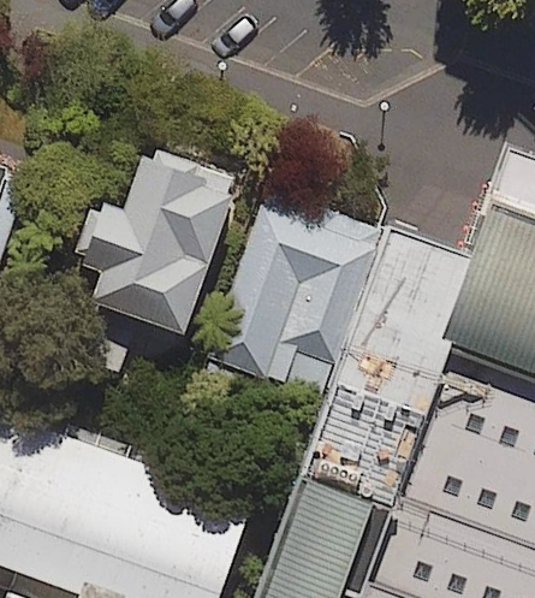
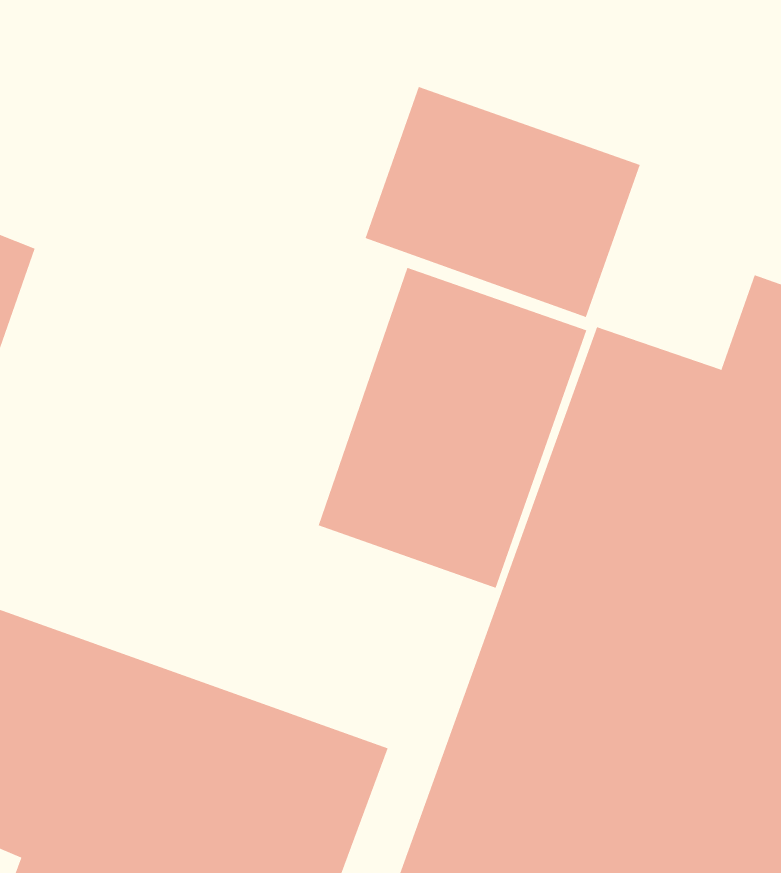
building: none -> [365,86,641,318]
building: [70,150,240,338] -> none

